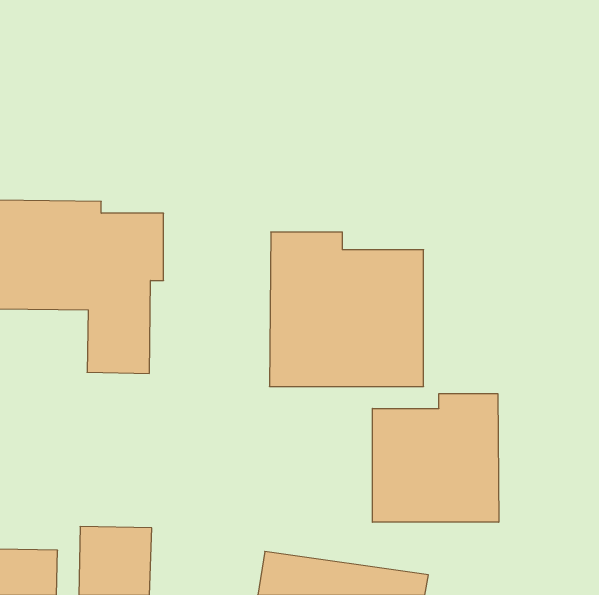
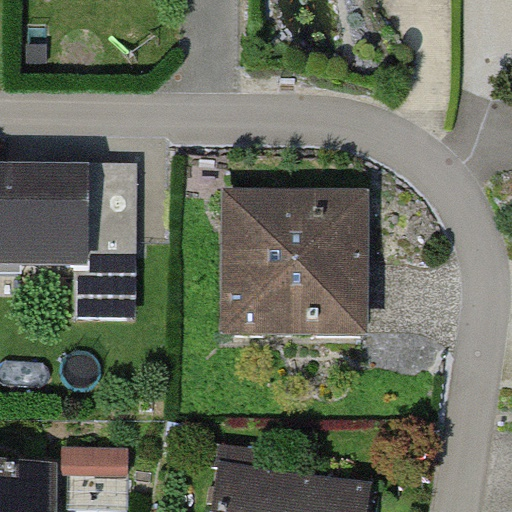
building: [372,394,499,522] -> none

